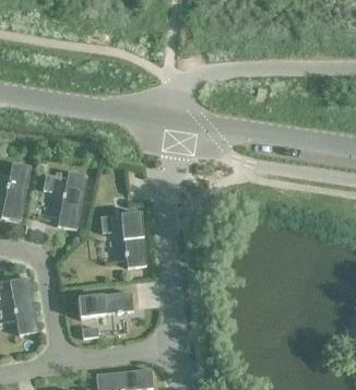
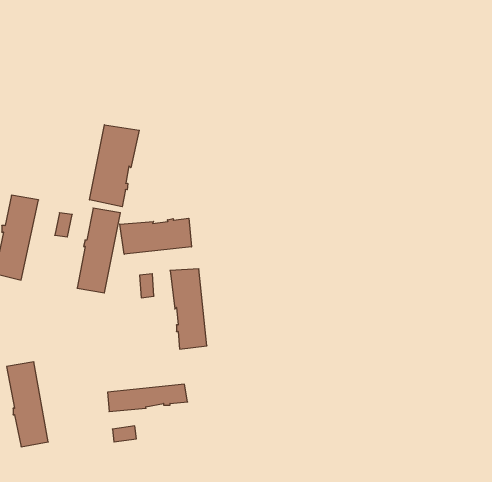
building: none -> [90,125,139,207]
building: none -> [120,218,191,254]

